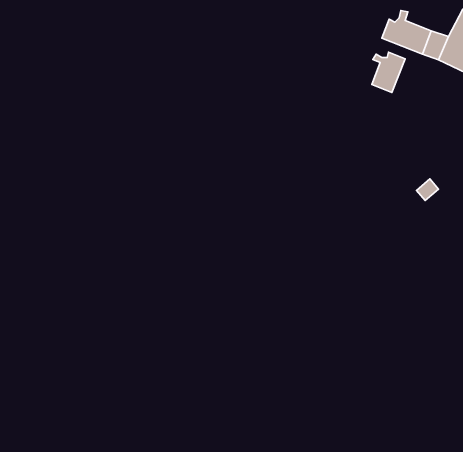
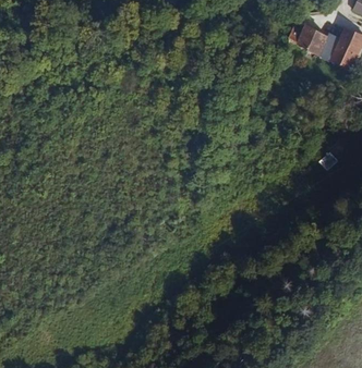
building: [372,52,405,93] -> none

